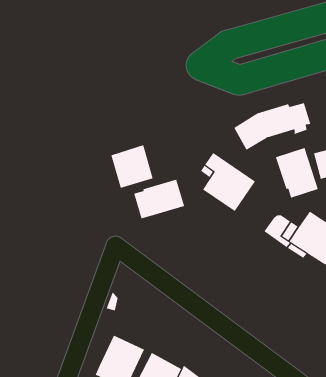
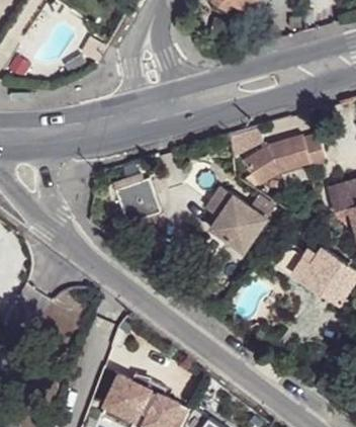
building: [275,147,319,199] -> none
building: [134,179,185,219] -> none

